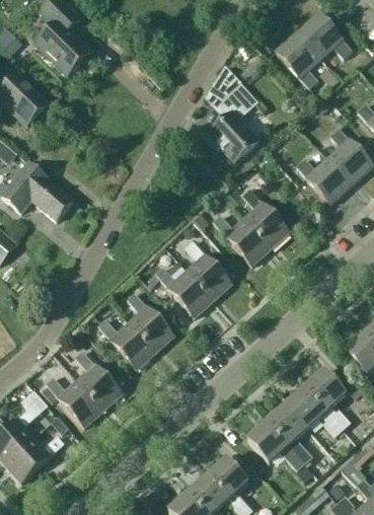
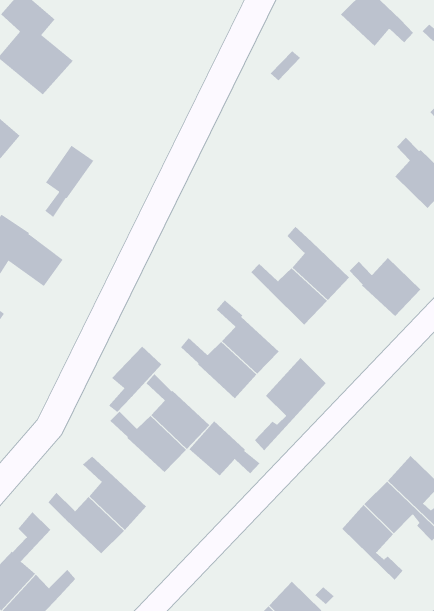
building: [275,31,320,87] -> none
building: [208,66,258,162] -> none
building: none -> [45,145,94,218]
building: [297,157,351,203] -> [349,257,421,317]
building: none -> [108,346,162,413]
building: none -> [254,357,327,451]
building: none -> [188,421,261,477]
building: [246,421,310,477] -> none

